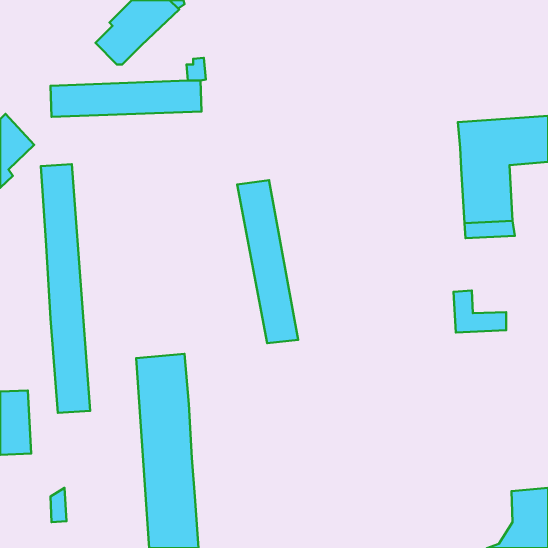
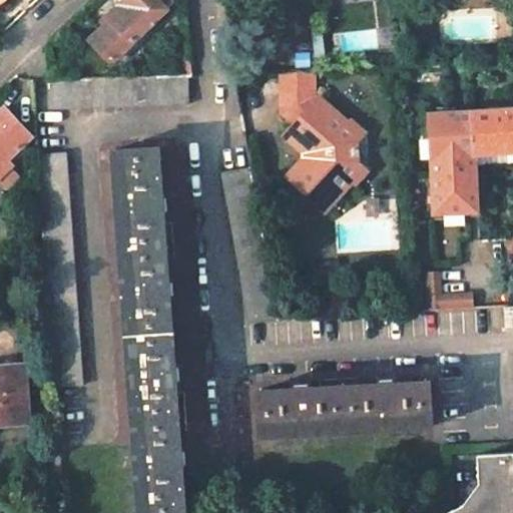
building: none -> [281,70,367,209]
building: none -> [114,146,172,335]
building: none -> [258,381,433,436]

